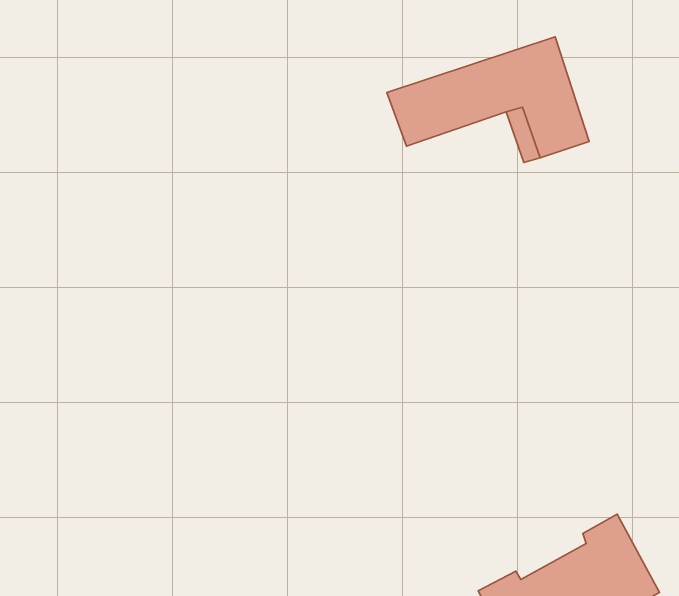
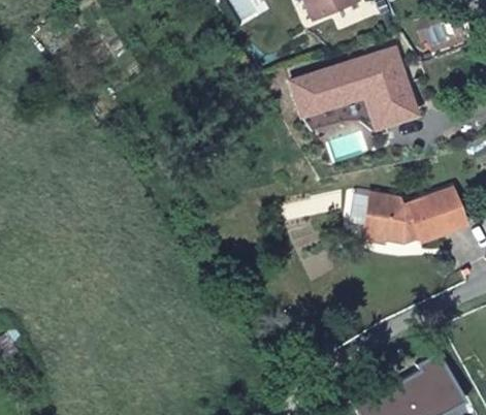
building: none -> [360,190,466,248]

